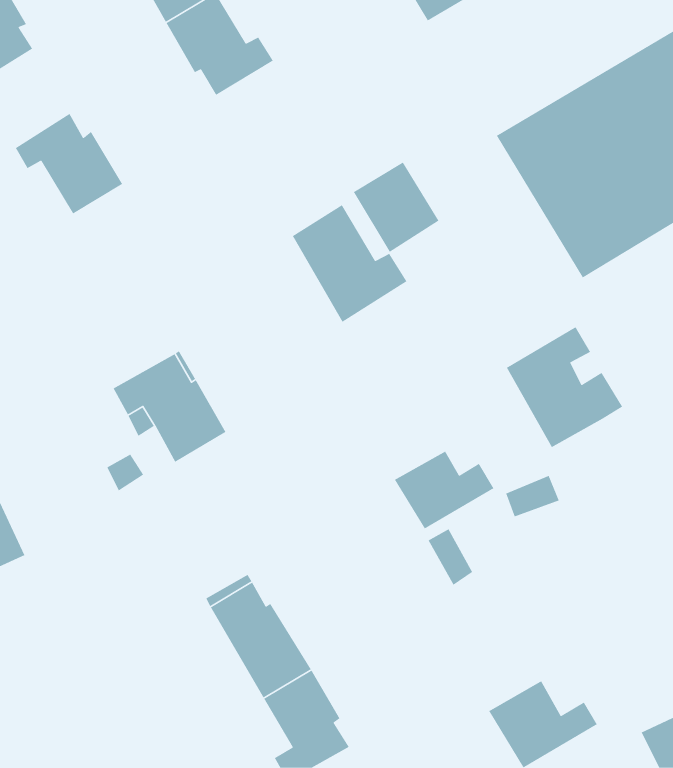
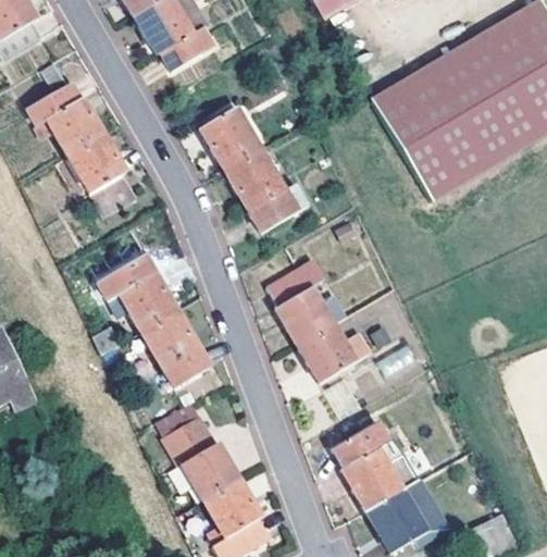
building: [353,161,440,253] -> [199,106,261,171]
building: none -> [69,134,136,216]
building: [506,326,623,448] -> [265,258,349,345]
building: none -> [141,311,210,387]
building: none -> [333,423,403,510]

